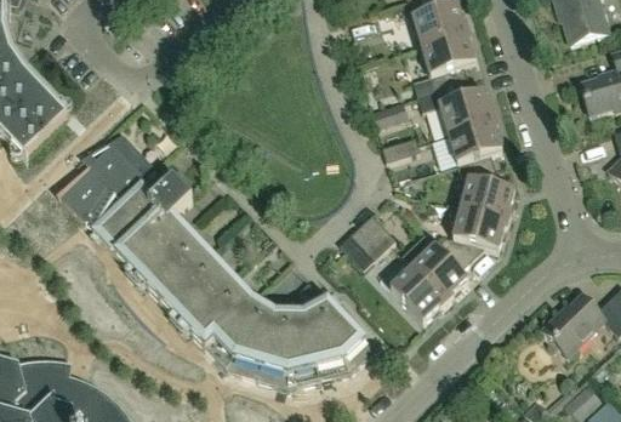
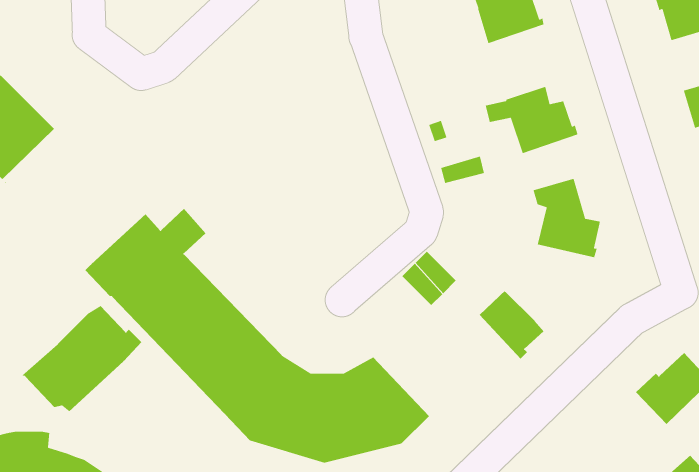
building: [421,28,474,89] -> none
building: [449,118,501,162] -> none
building: [58,136,156,223] -> [22,305,142,412]
building: [435,207,508,269] -> none
building: [391,264,448,320] -> none

